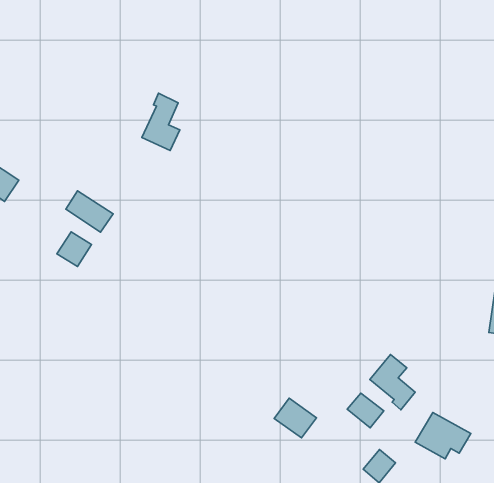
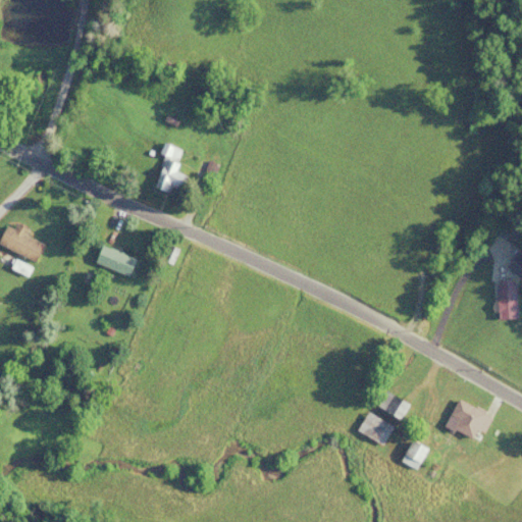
building: [57,232,92,267] -> none
building: [370,355,415,410] -> none
building: [274,398,317,438] -> [357,411,396,446]

